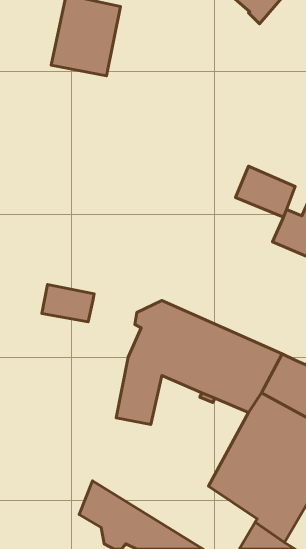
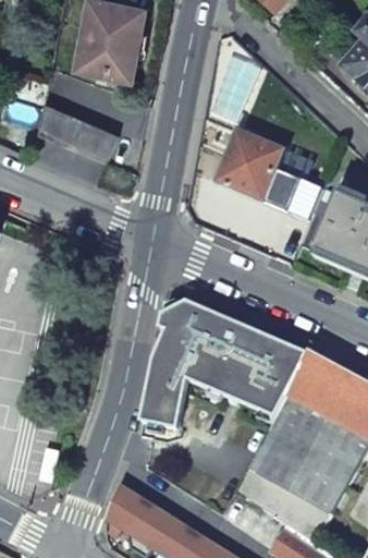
building: none -> [36,100,116,159]
building: none -> [217,130,282,198]
building: [42,284,94,322] -> none

